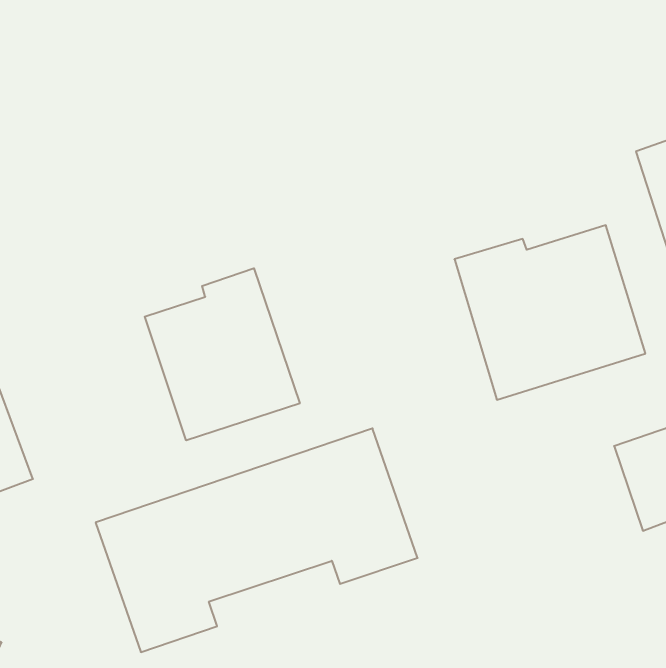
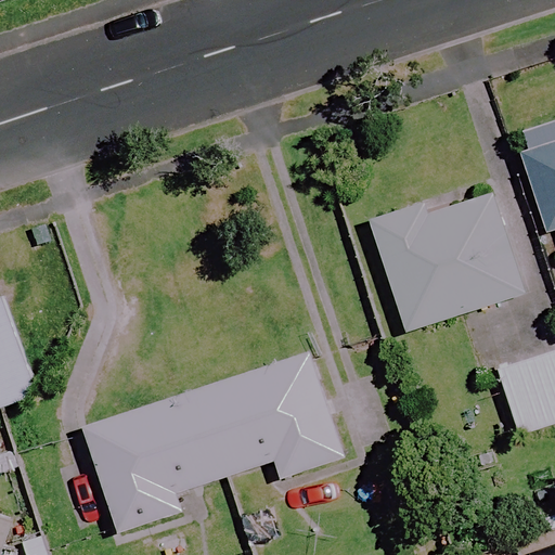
building: [145,268,300,440] -> none

